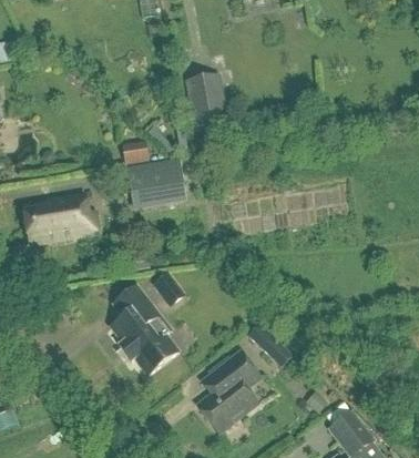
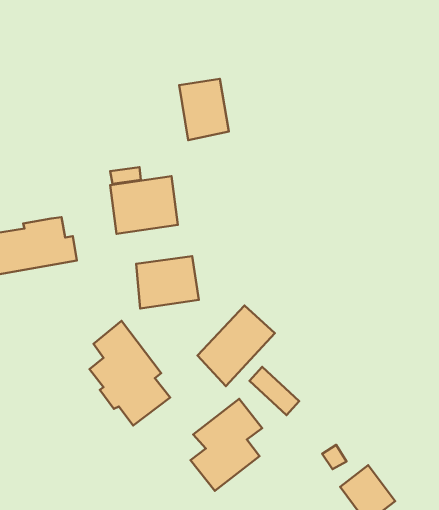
building: none -> [136,256,199,308]
building: none -> [197,305,275,386]

